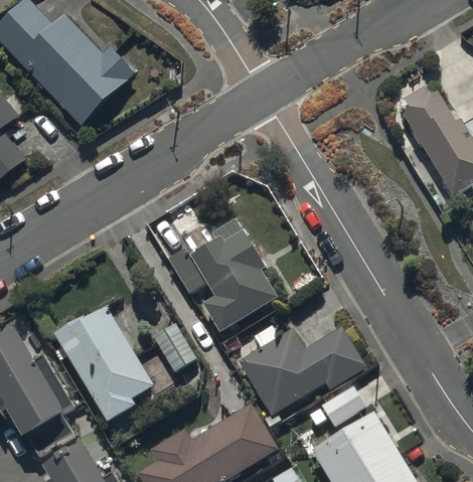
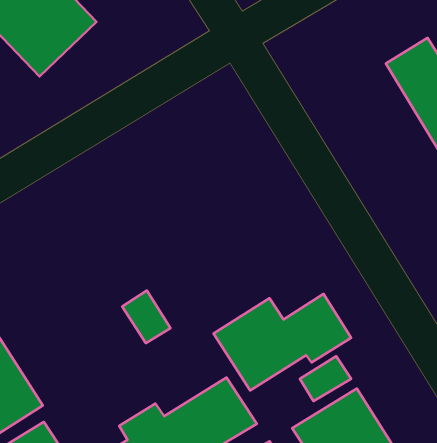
building: [166,216,277,334] -> none
building: [55,308,155,424] -> none

